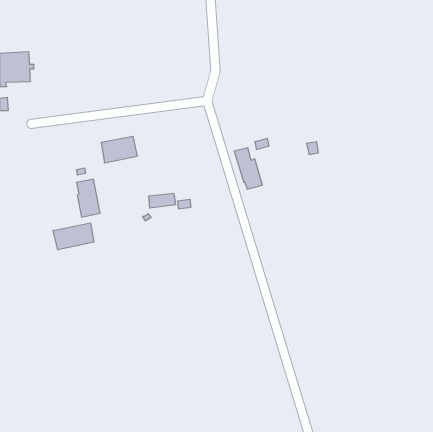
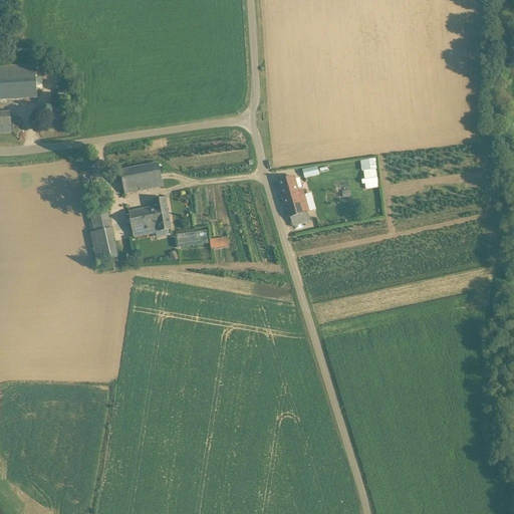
building: none -> [127,197,170,236]
building: [53,223,94,250] -> none

